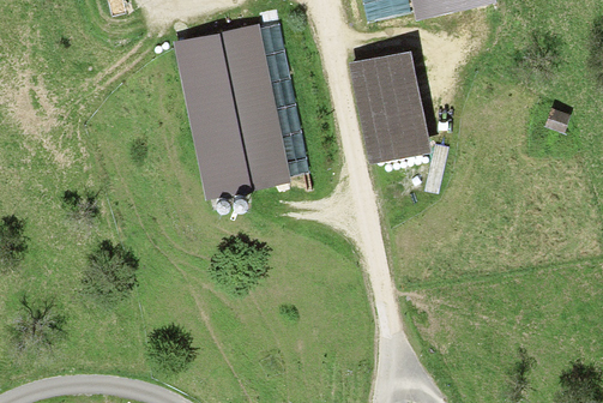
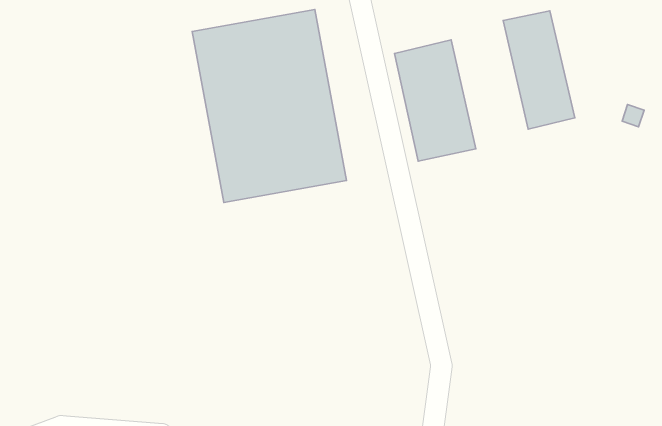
building: none -> [503,11,575,129]

